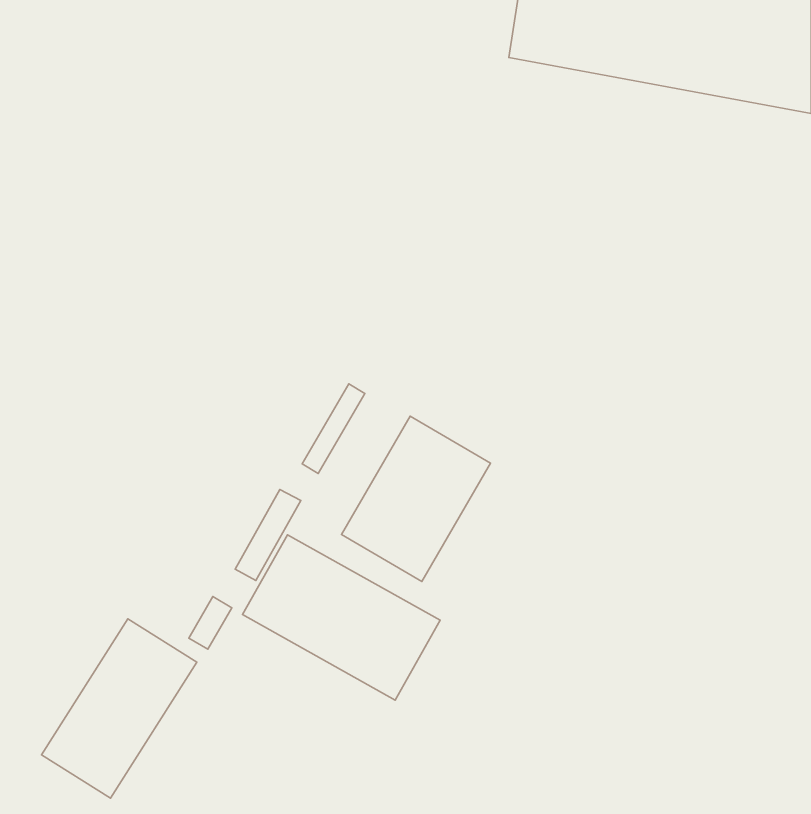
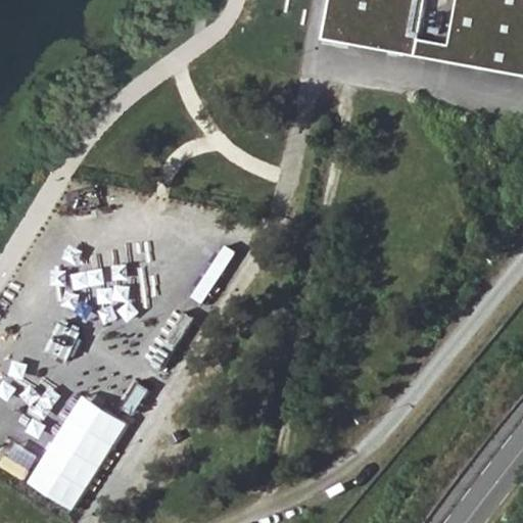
building: [341,416,490,581] -> none
building: [242,535,440,700] -> none

